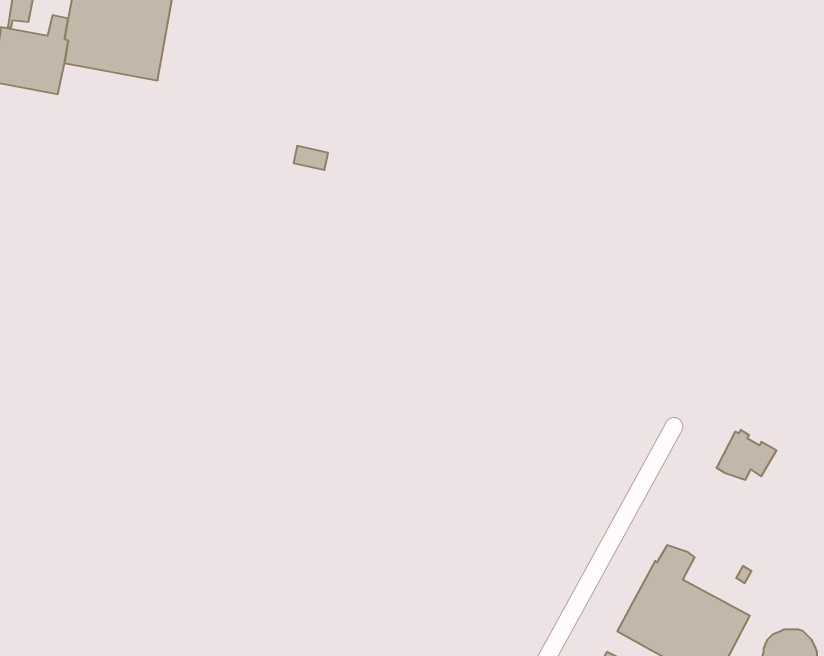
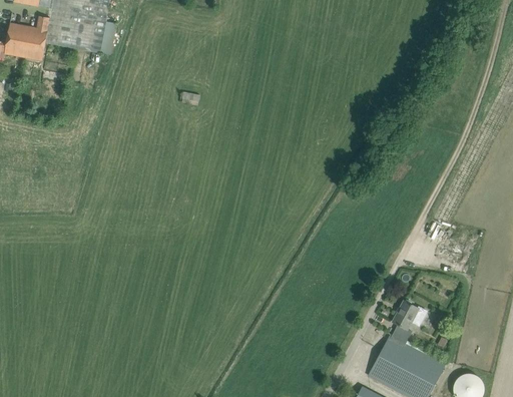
building: [716,430,777,480] -> [392,300,427,329]

